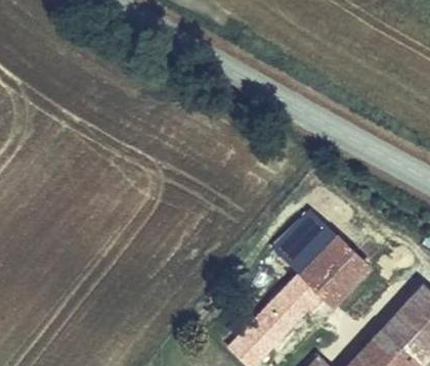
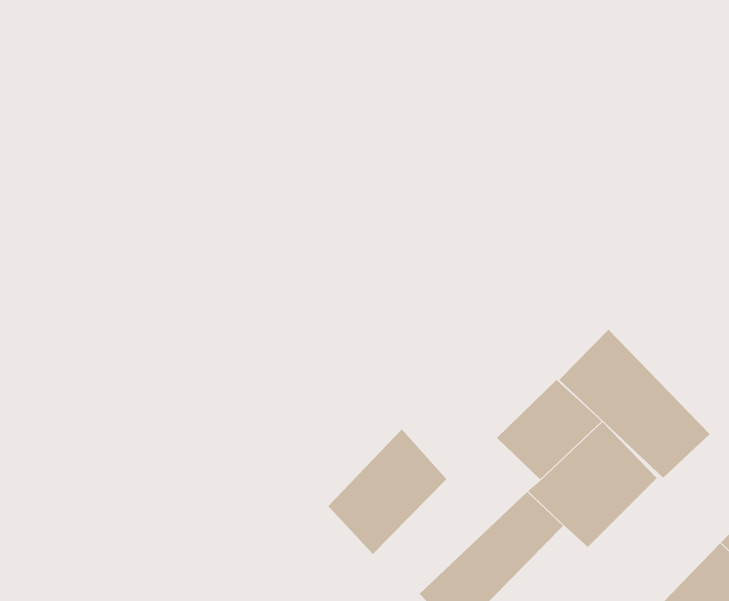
building: none -> [558,329,710,479]
building: none -> [327,428,447,555]

